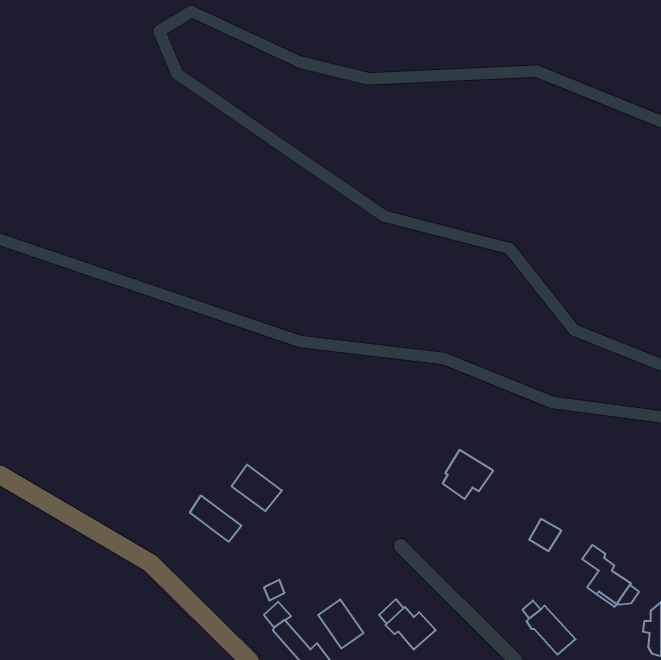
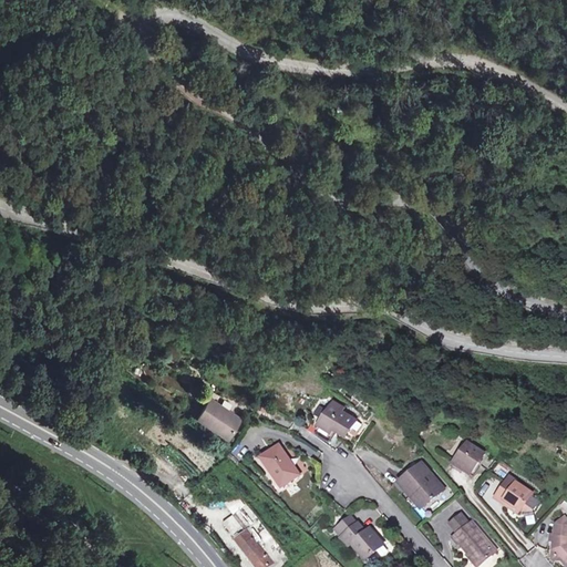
building: [443,450,493,499] -> [313,394,357,436]
building: [190,496,241,542] -> none
building: none -> [400,468,443,509]
building: [318,599,363,649] -> [266,447,305,489]

